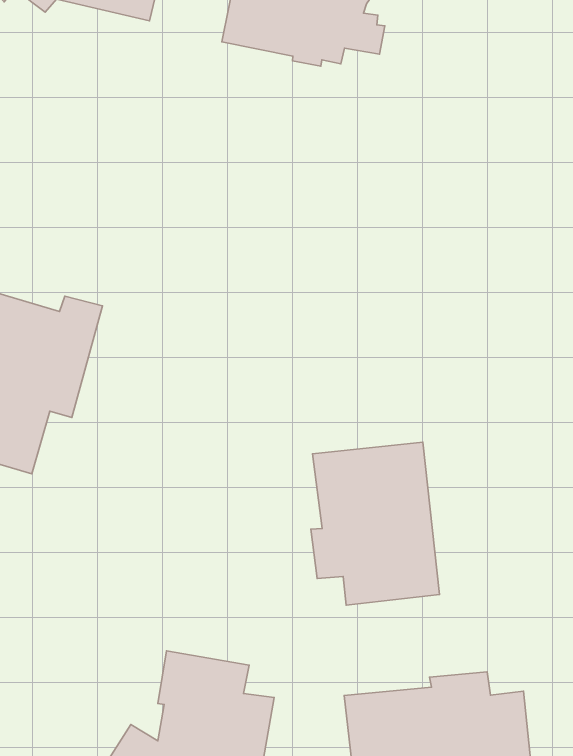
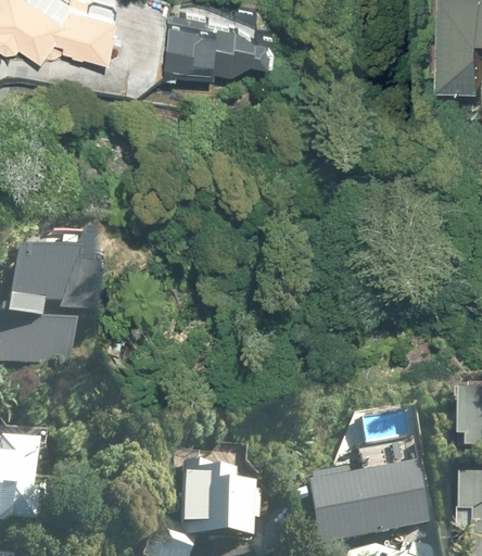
building: [311,442,439,605] -> none

